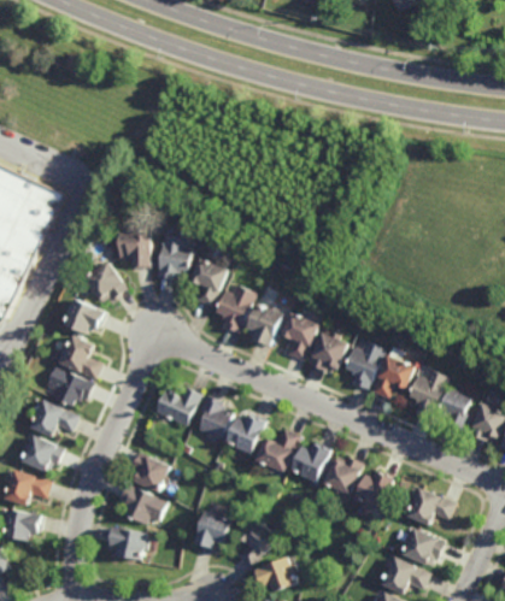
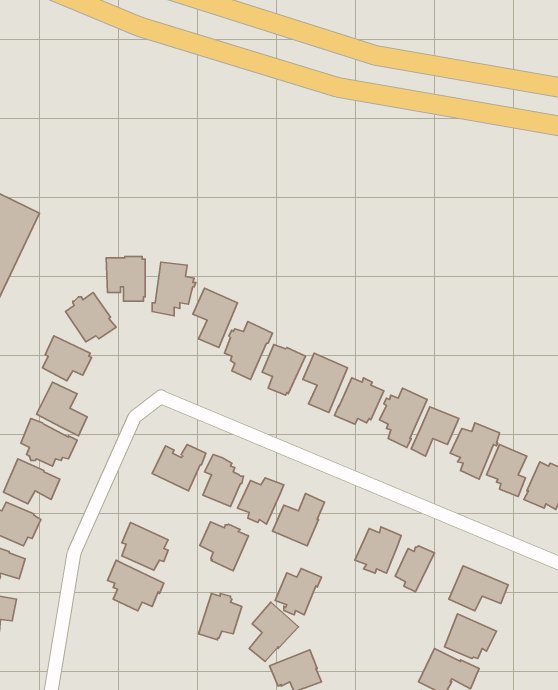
building: [294,442,333,481] -> [275,569,321,615]
building: none -> [200,522,249,571]
building: [107,528,147,560] -> none

